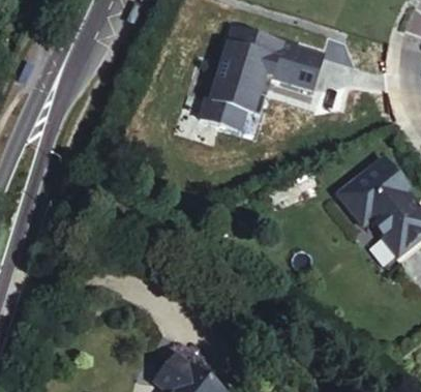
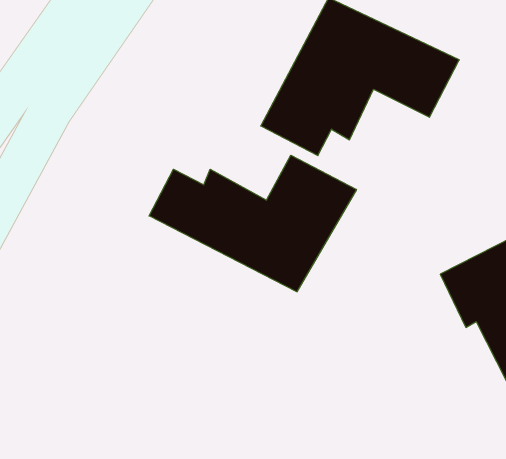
building: none -> [149,155,356,292]

